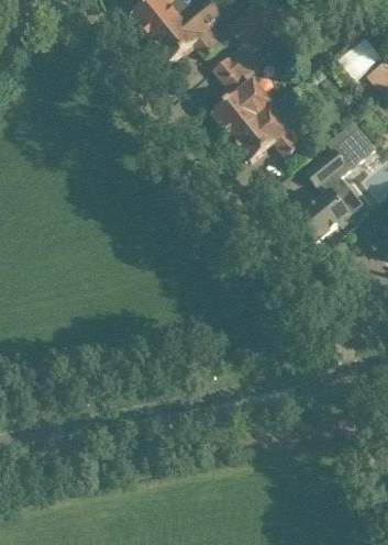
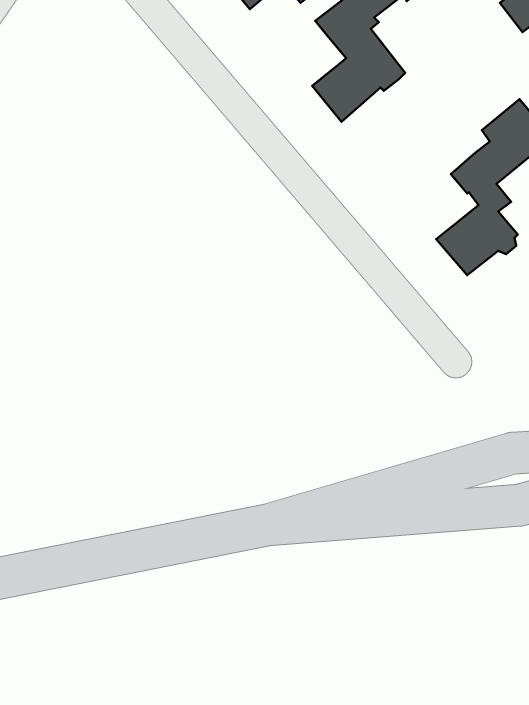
building: [231,108,306,159] -> none

